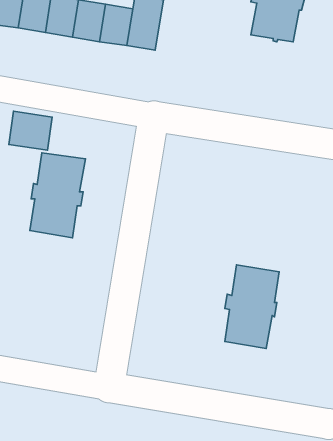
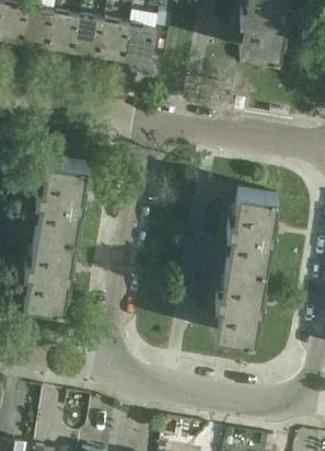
building: [9,111,52,150] -> none
building: none -> [224,188,276,267]
building: none -> [21,229,72,307]

